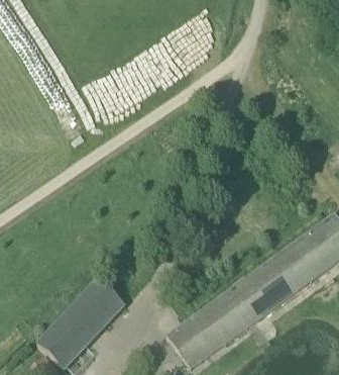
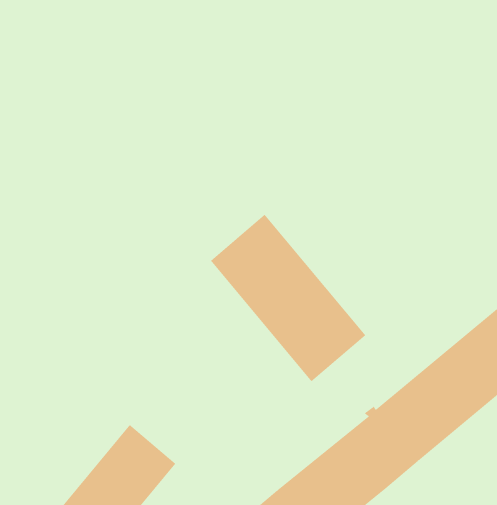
building: none -> [210,214,366,382]

